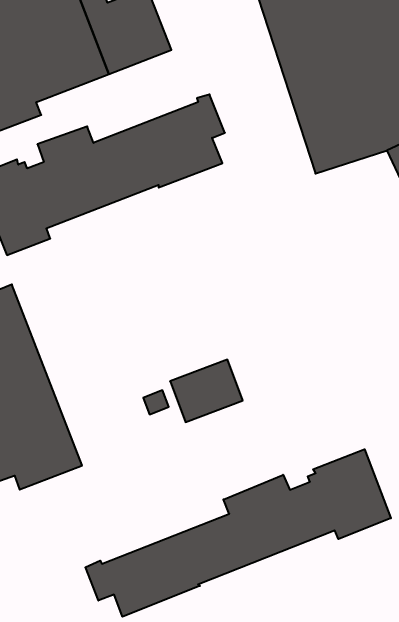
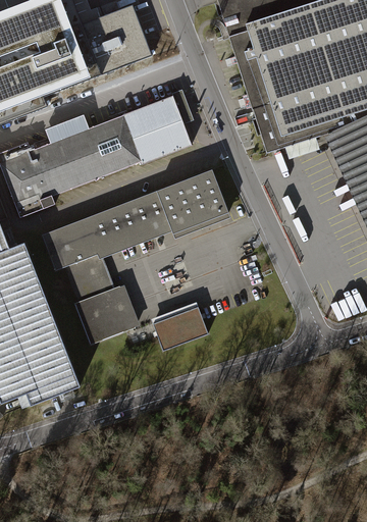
building: none -> [41,169,230,344]
building: [85,449,391,617] -> none

